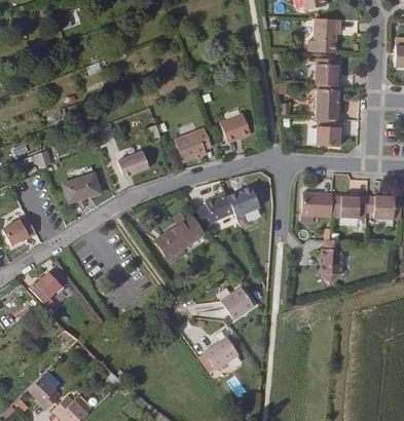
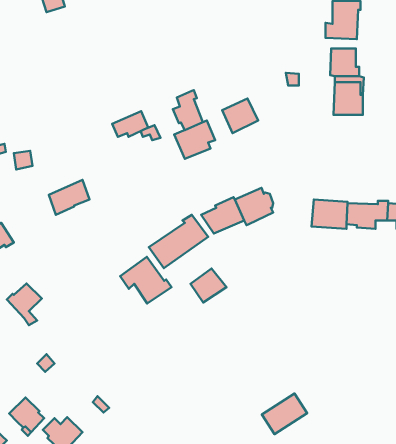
building: none -> [173,90,203,130]
building: [319,119,347,148] -> none
building: [119,155,151,178] -> [112,111,148,137]
building: [316,239,339,281] -> none
building: none -> [120,257,171,304]
building: [222,280,254,310] -> [191,269,227,302]
building: [203,335,243,371] -> [262,393,307,434]

